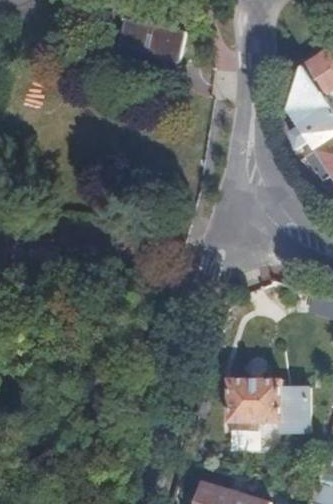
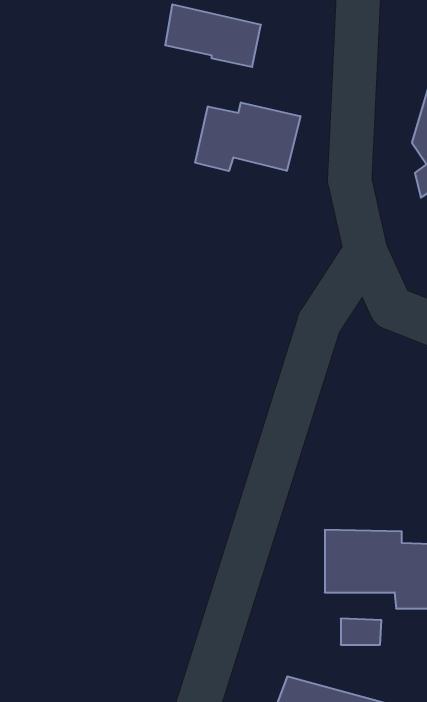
building: none -> [195,102,300,171]

